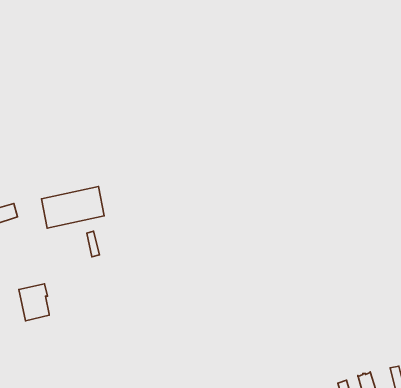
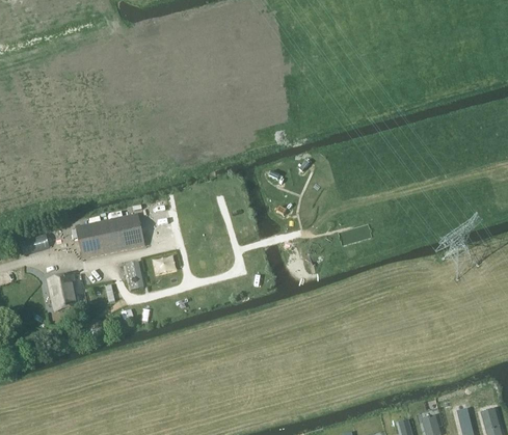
building: [19,284,49,321] -> [45,272,78,312]

